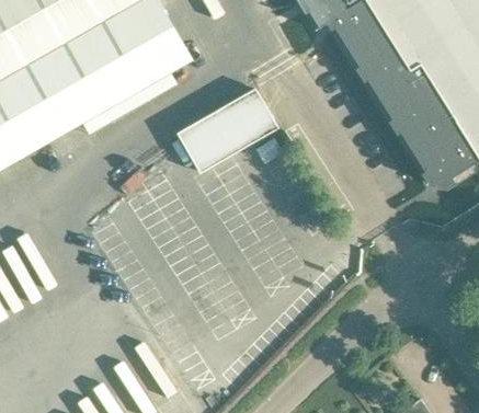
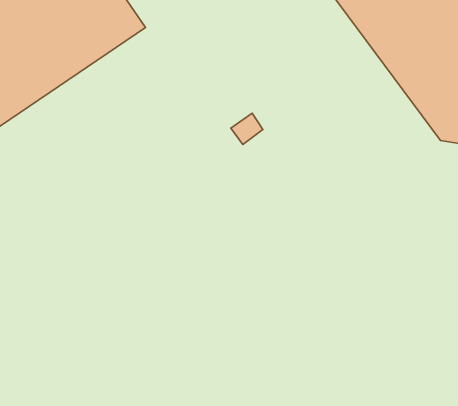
building: [179,90,278,173] -> none

